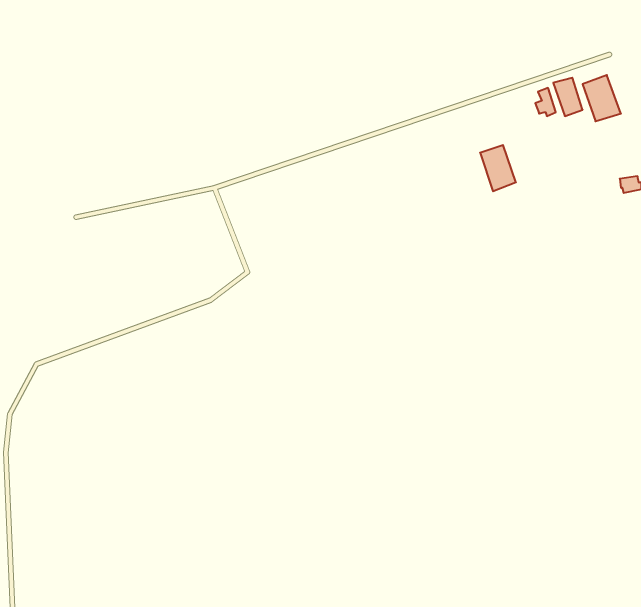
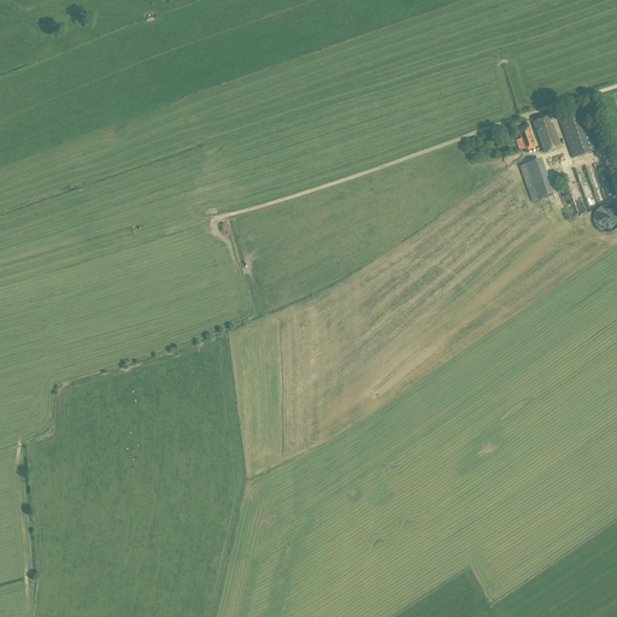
building: [480,145,516,191] -> [518,158,552,201]

